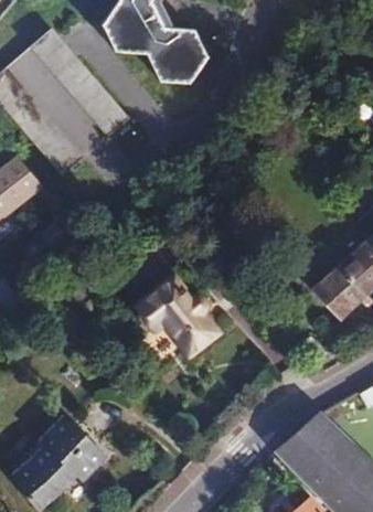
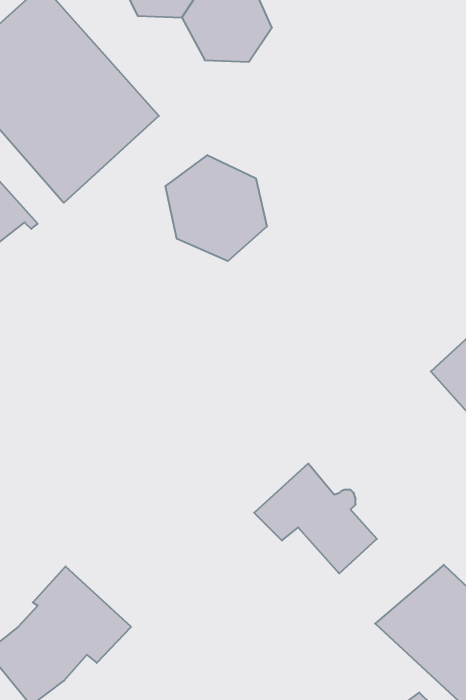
building: none -> [165,155,267,261]
building: [131,294,214,367] -> [254,464,377,573]

